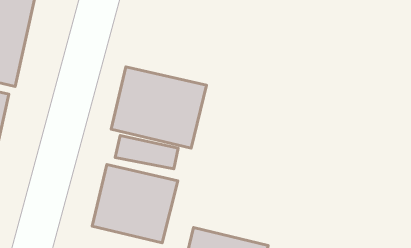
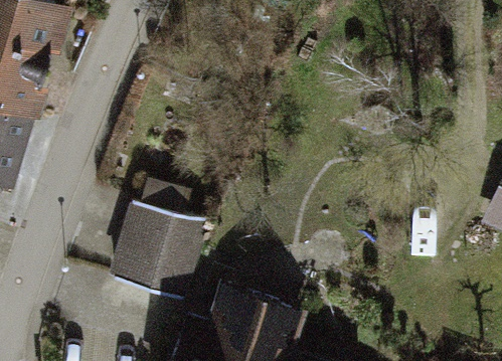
building: [111,67,207,148] -> none

